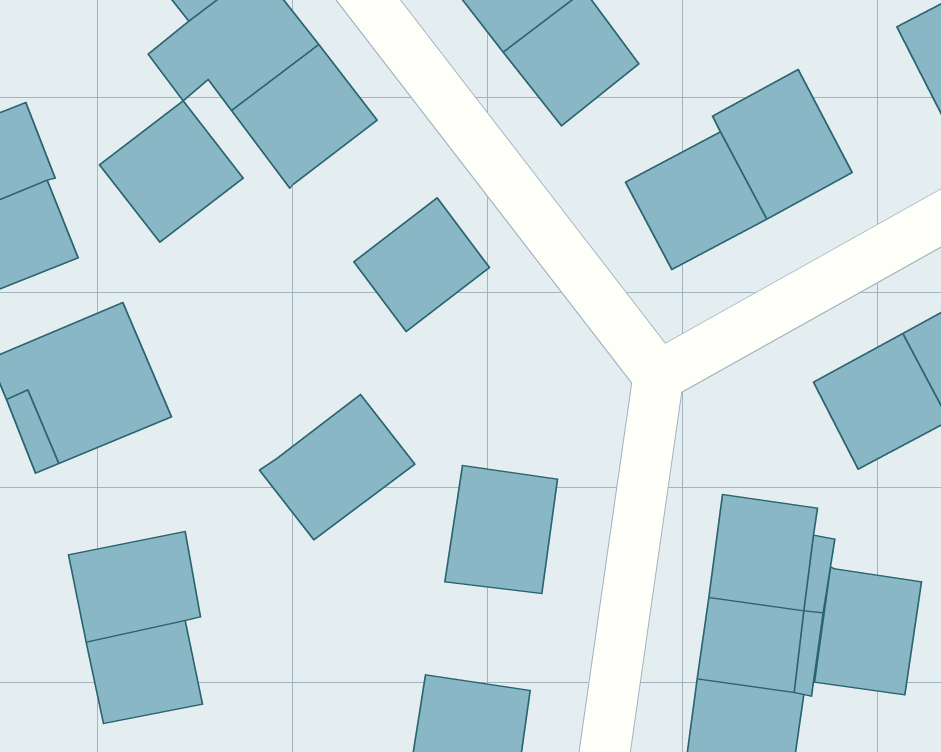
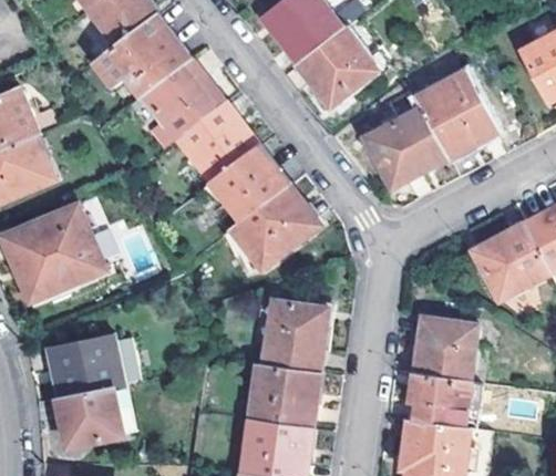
building: [100,101,243,242] -> [176,101,258,182]
building: [260,394,415,540] -> [230,185,319,268]
building: [815,567,921,695] -> none
building: none -> [251,363,318,426]

